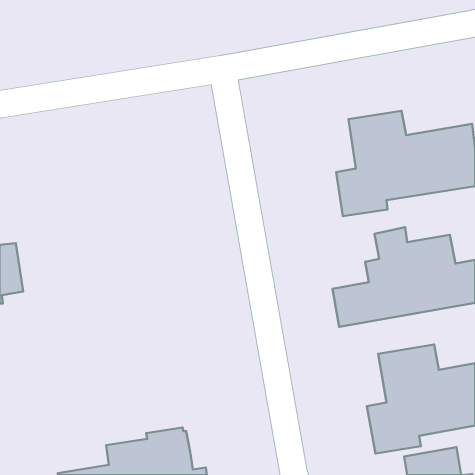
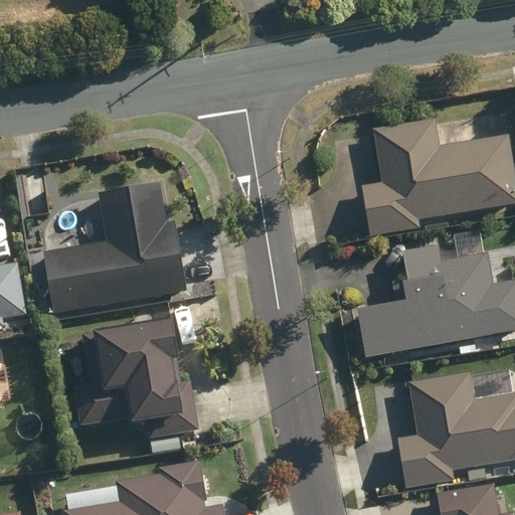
building: none -> [44,183,186,310]
building: none -> [72,320,199,441]

